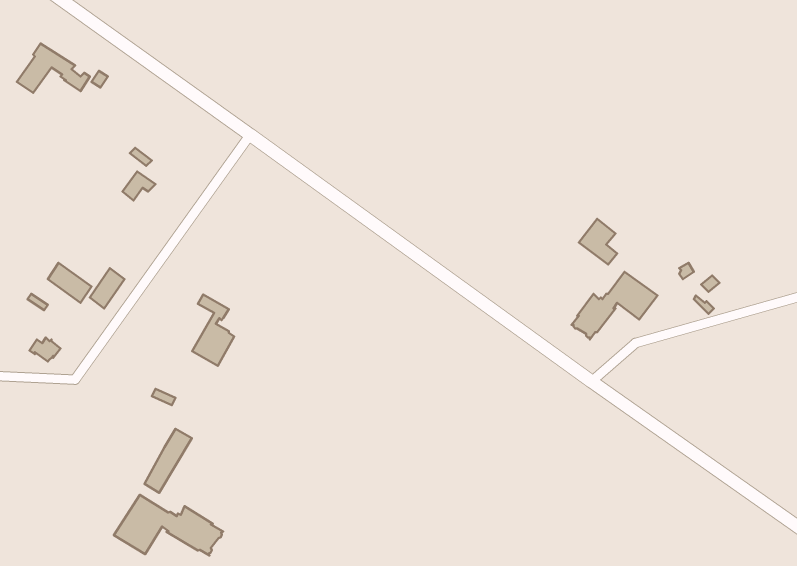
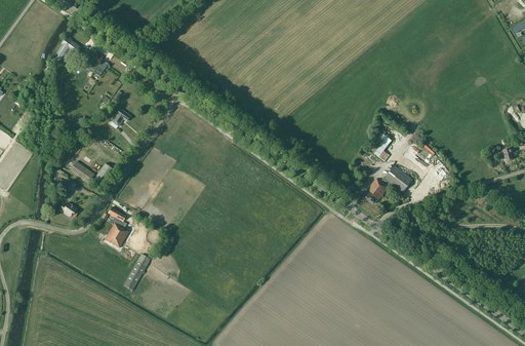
building: [192,295,234,366] -> [105,207,128,247]
building: [114,495,223,556] -> none

